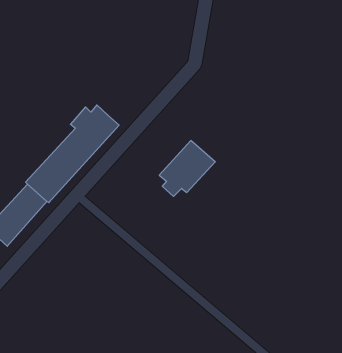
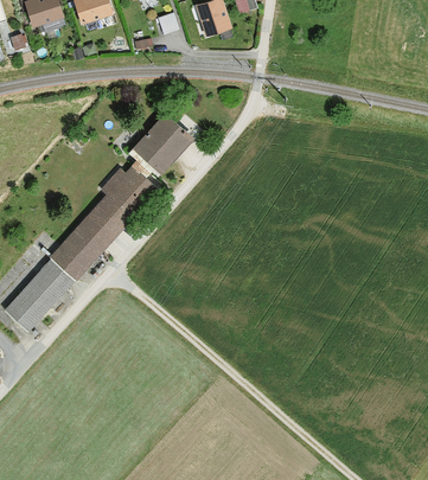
building: [159,141,215,196] -> [128,113,193,178]

